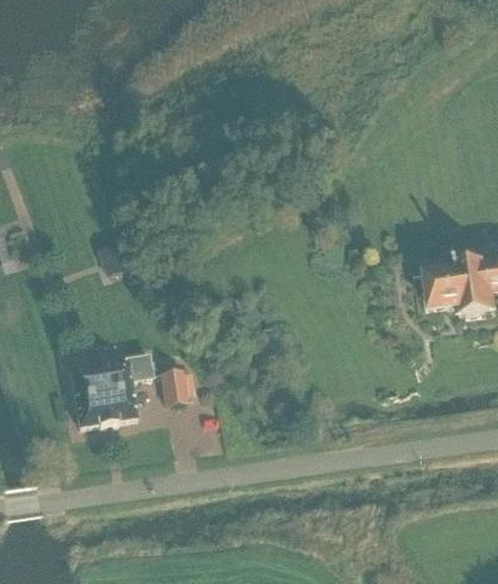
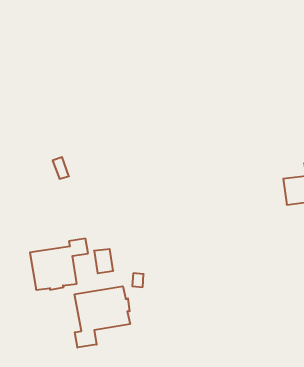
building: none -> [75,286,130,348]

